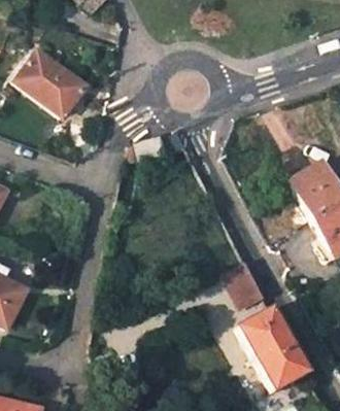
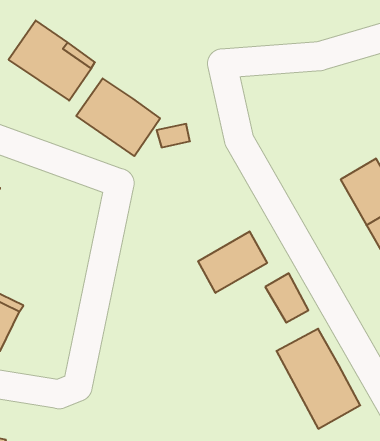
building: none -> [76,78,160,156]
building: none -> [198,231,267,293]

